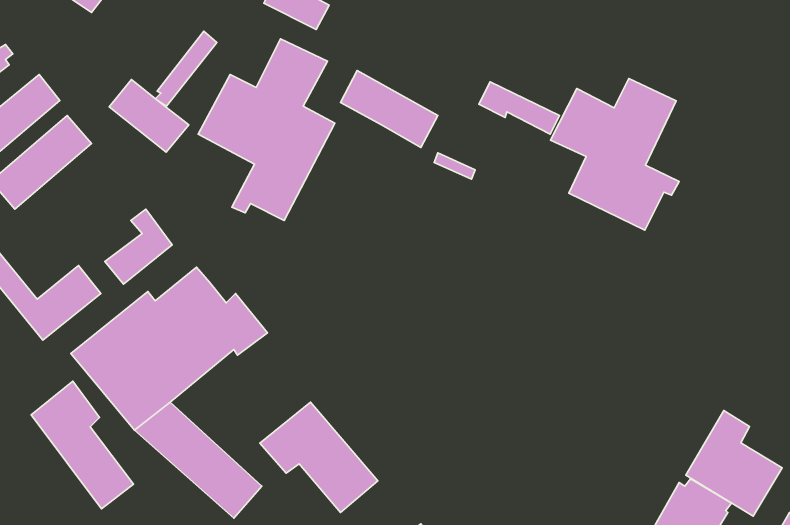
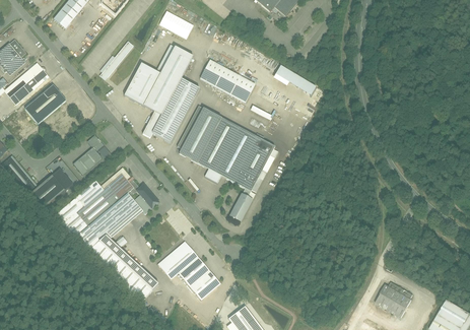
building: [550,78,679,230] -> none
building: [109,79,189,152] -> none
building: none -> [182,107,276,219]
building: [31,381,134,509] -> none
building: [686,410,782,516] -> none

